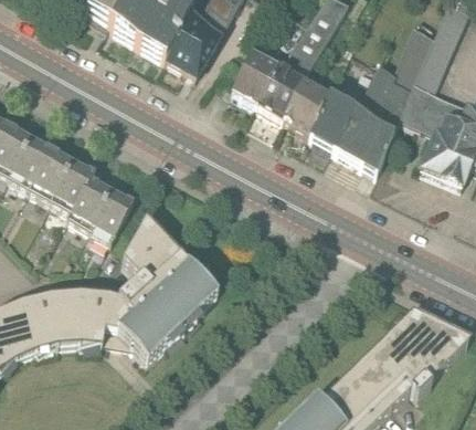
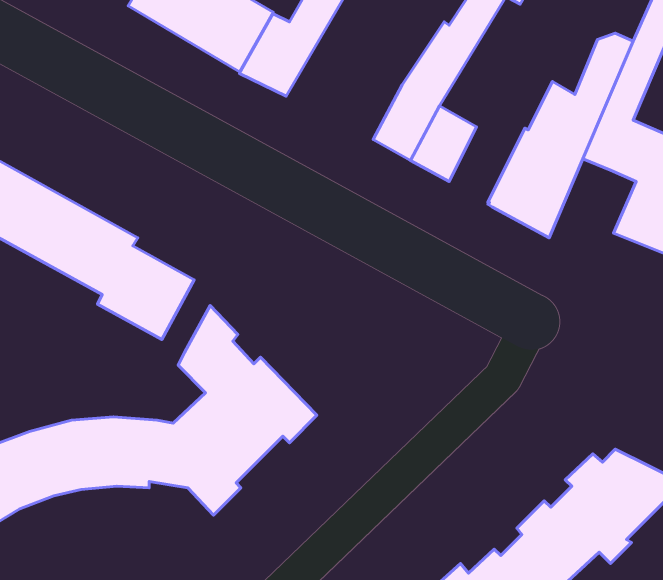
building: [232,17,305,103] -> none
building: [308,81,360,146] -> none

